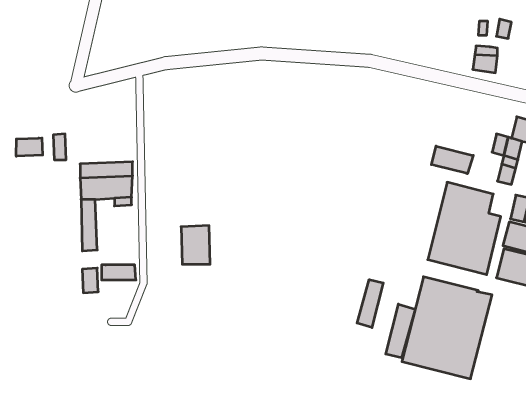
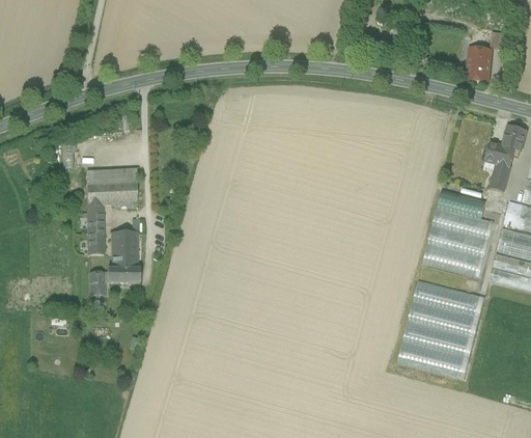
building: [16,138,43,156] -> none
building: [431,146,473,174] -> none
building: [181,226,210,264] -> [111,230,139,268]
building: [357,280,383,328] -> none
building: [386,304,415,358] -> none

